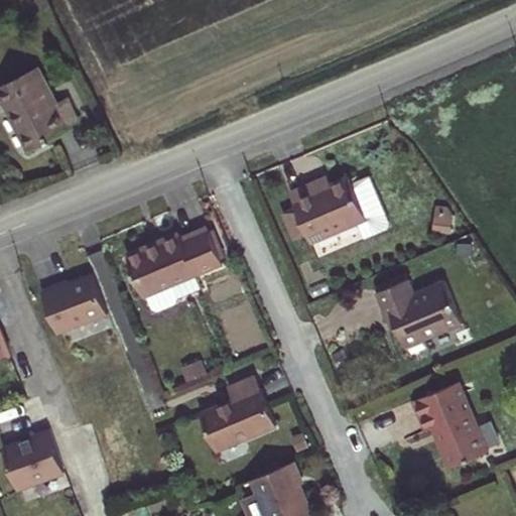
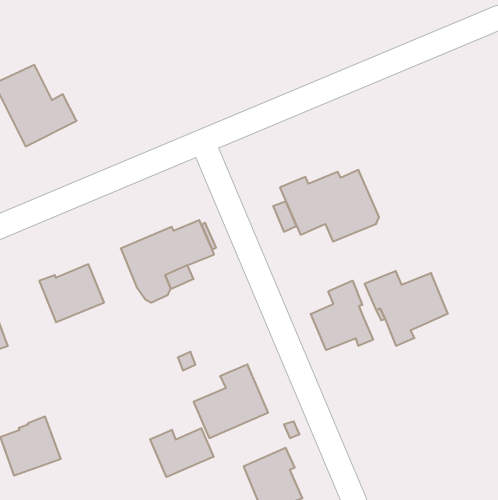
building: none -> [311,281,373,350]
building: [409,383,486,469] -> none
building: none -> [150,428,214,477]

